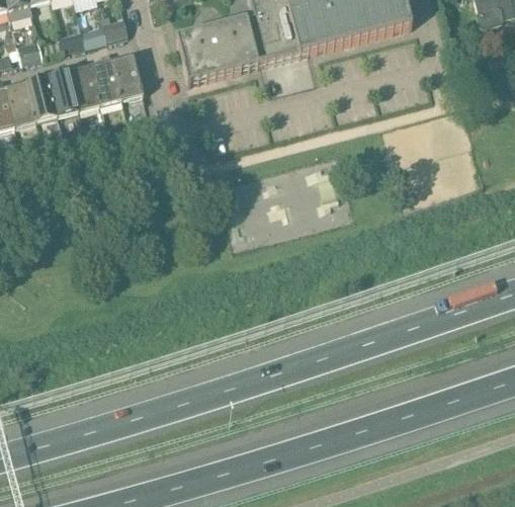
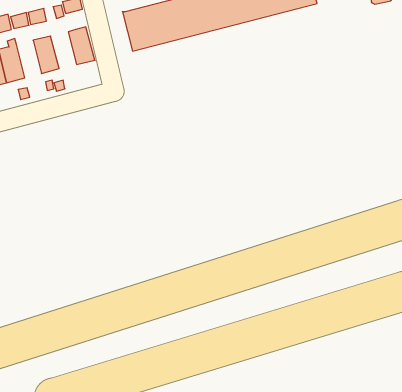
building: [89,53,120,104] -> none
building: [48,63,78,115] -> none

